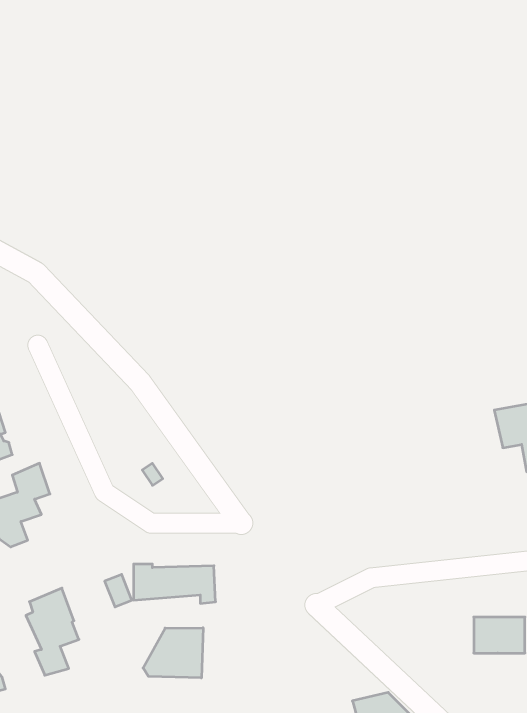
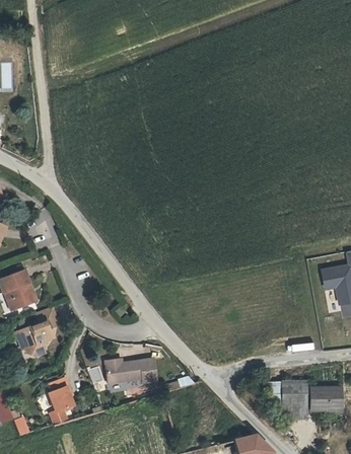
building: none -> [279,386,305,423]
building: [143,628,203,678] -> none

